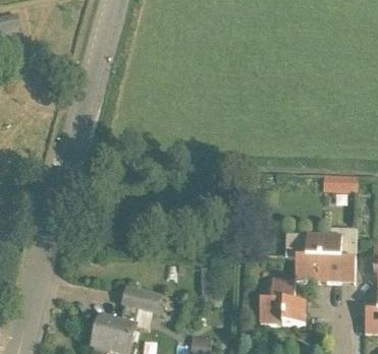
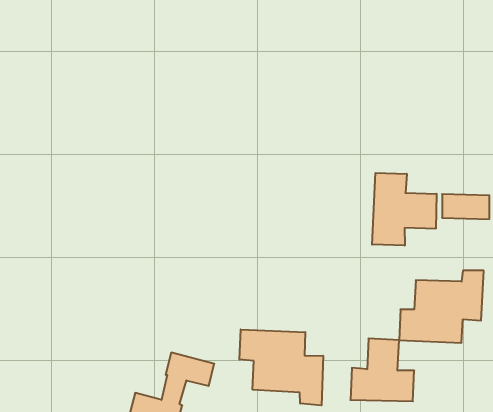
building: none -> [372,173,437,246]
building: none -> [239,329,323,405]

